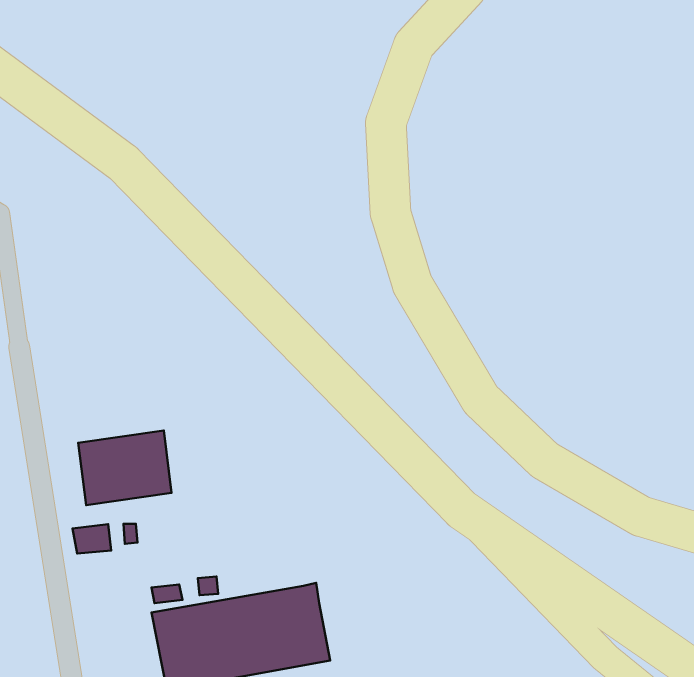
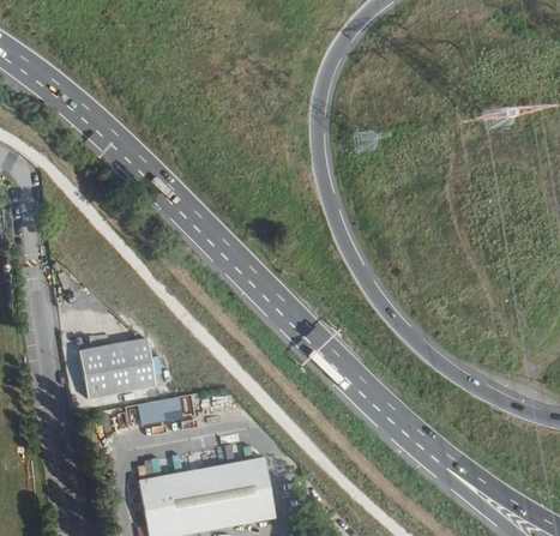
building: [72,524,111,554] -> [139,399,169,422]

